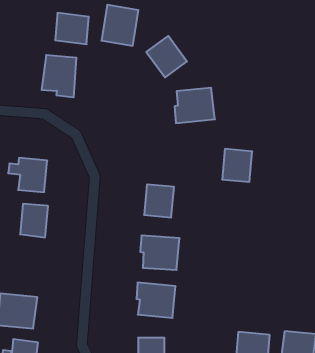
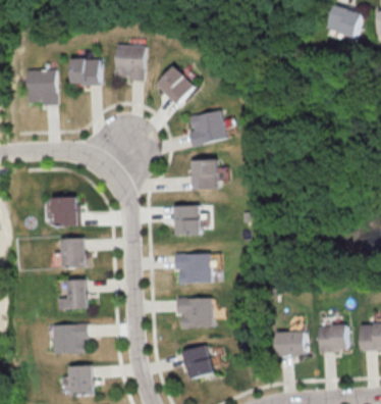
building: [42,55,77,97] -> [26,68,57,105]
building: [222,149,252,182] -> [192,159,218,189]
building: none -> [57,280,86,309]

